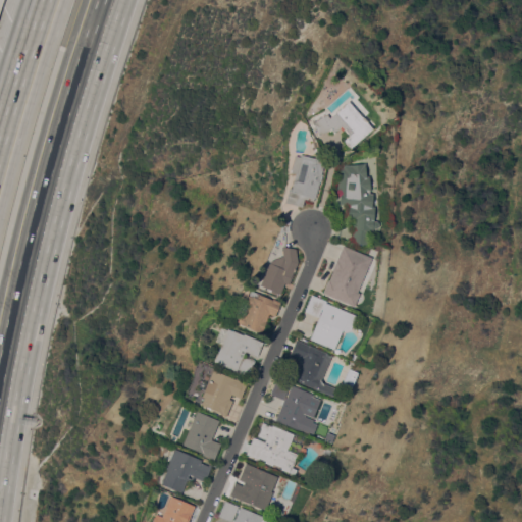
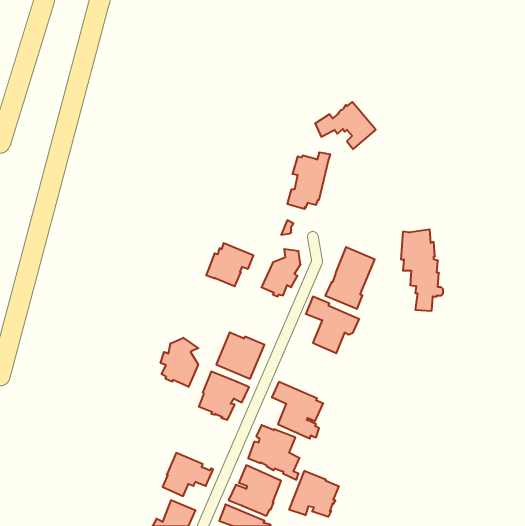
building: [337,163,379,244] -> [401,229,443,311]
building: [233,291,280,333] -> [206,243,253,286]
building: none -> [161,338,198,387]
building: [291,340,335,396] -> none
building: [184,411,221,460] -> none
building: none -> [289,471,339,517]

